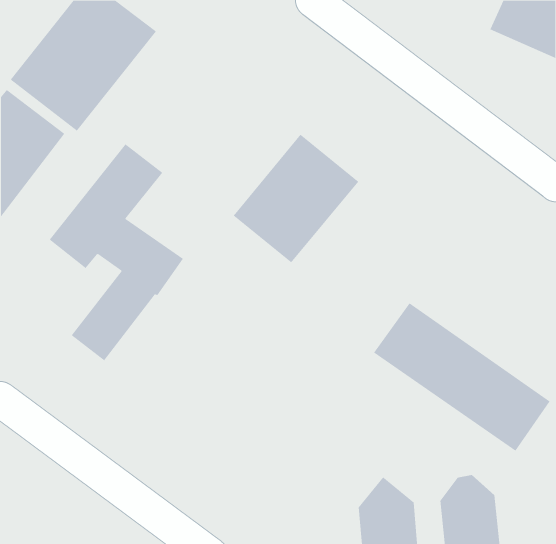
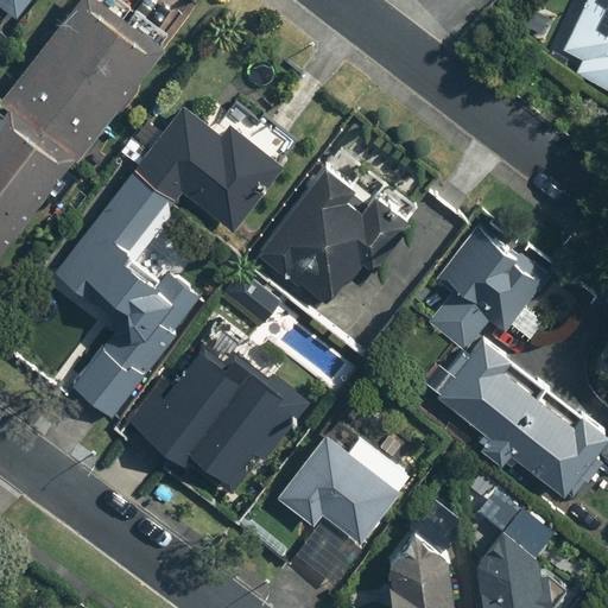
building: none -> [137,100,286,226]
building: none -> [422,232,518,324]
building: none -> [135,349,314,492]
building: none -> [277,436,400,558]

